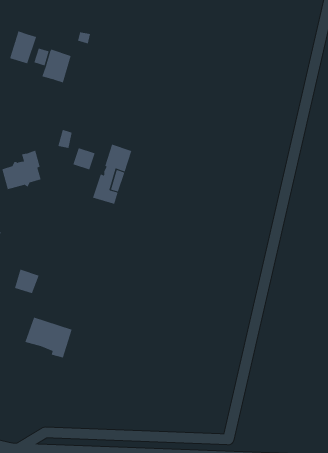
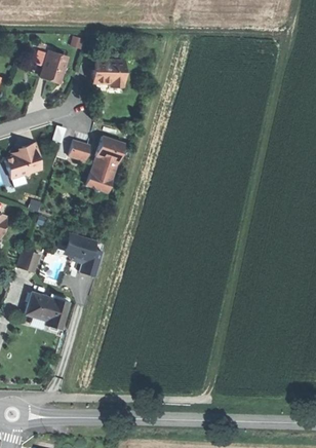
building: [10,31,37,64] -> none
building: none -> [93,61,123,87]
building: none -> [68,234,105,276]

